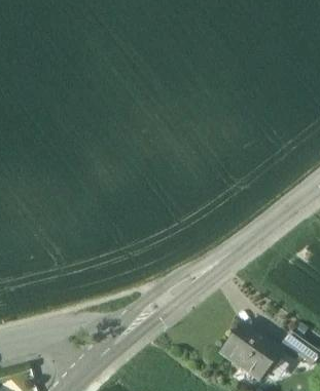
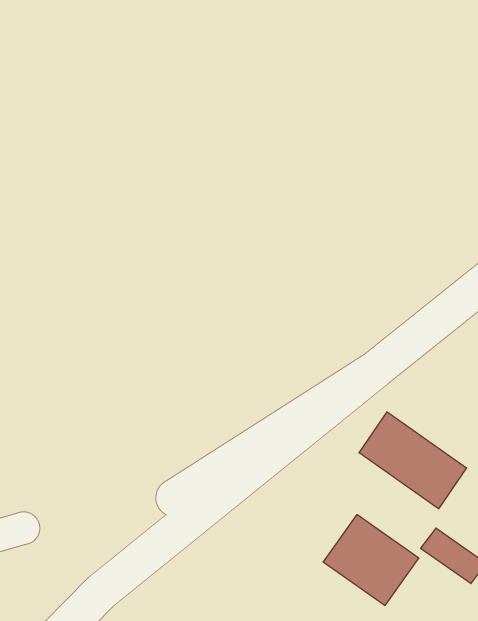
building: none -> [359,412,467,509]

